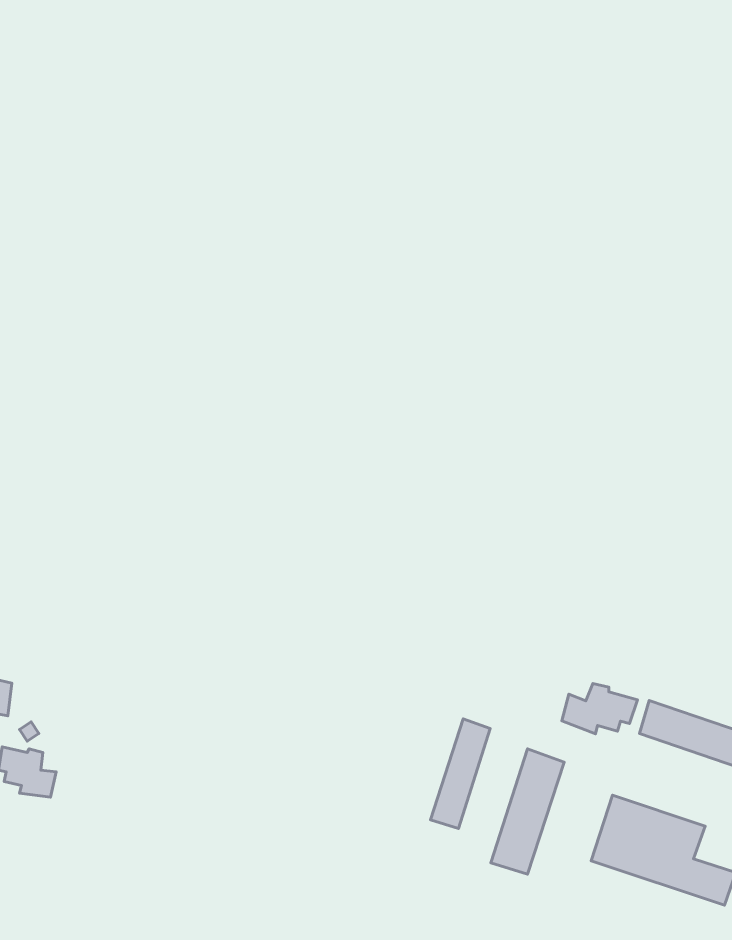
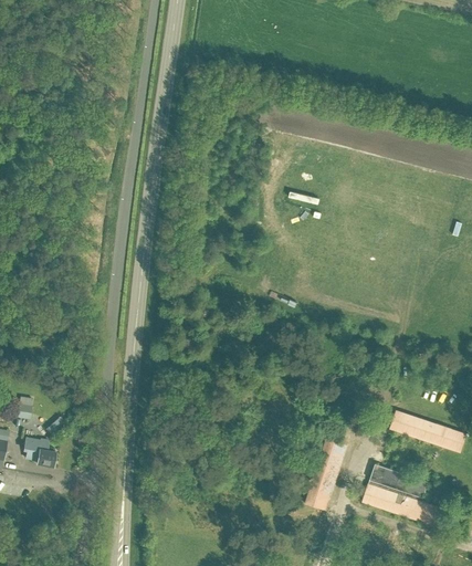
building: [562,683,638,734] -> none
building: [431,719,490,828] -> none

